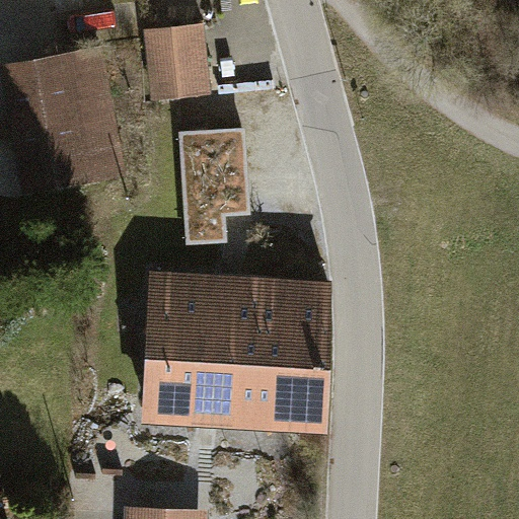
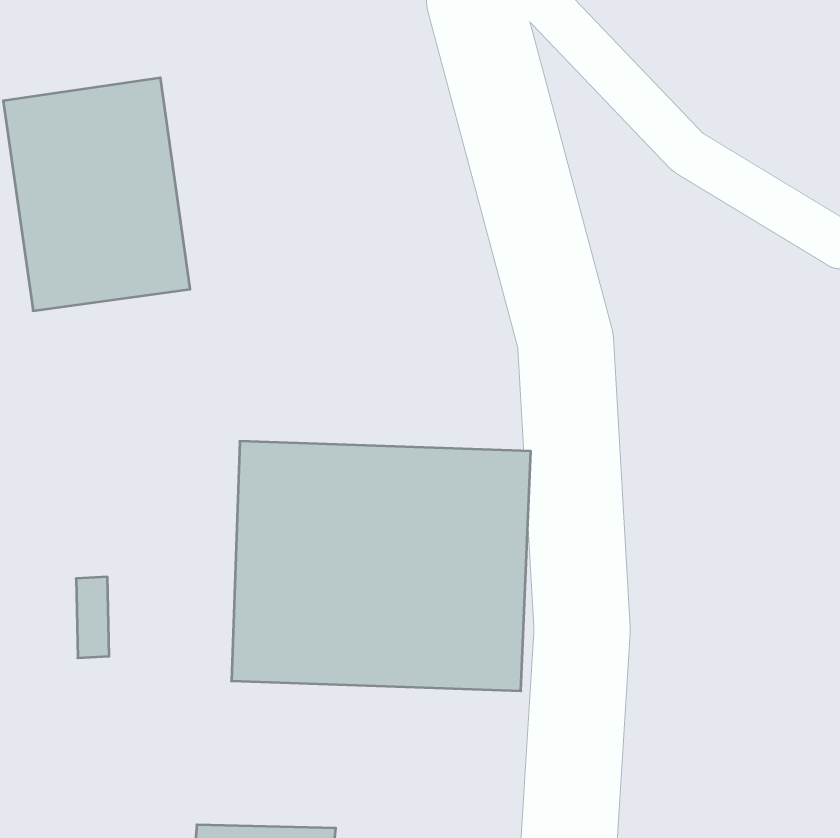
building: [144,24,208,100] -> none
building: [184,123,254,244] -> none

